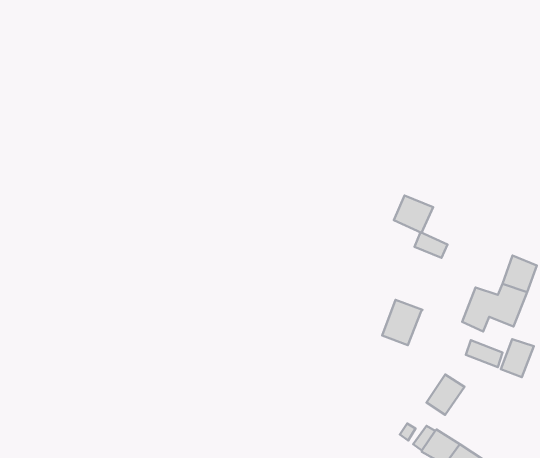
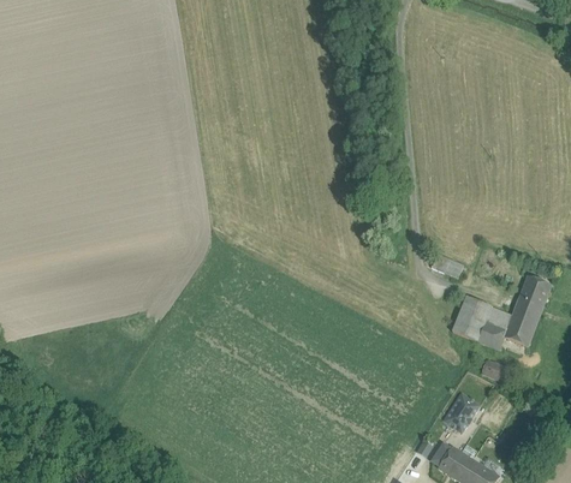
building: [394,195,433,233] -> none
building: [382,300,422,345] -> [452,294,492,339]
building: [501,339,534,377] -> none

